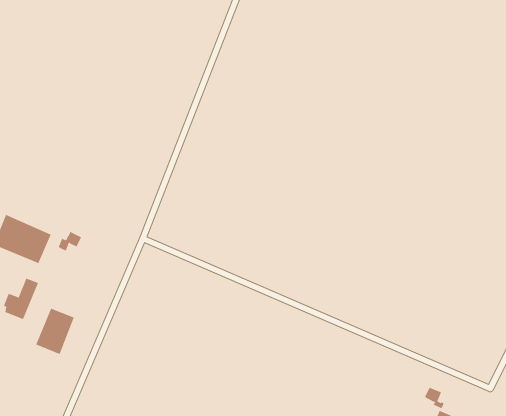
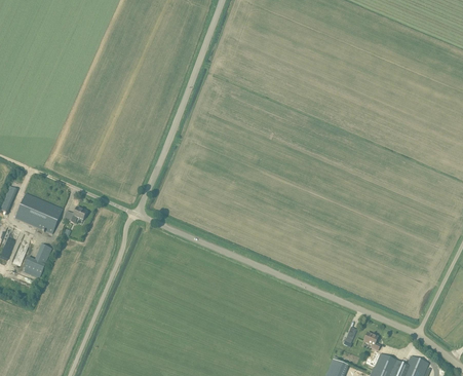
building: [36,308,74,355] -> none

